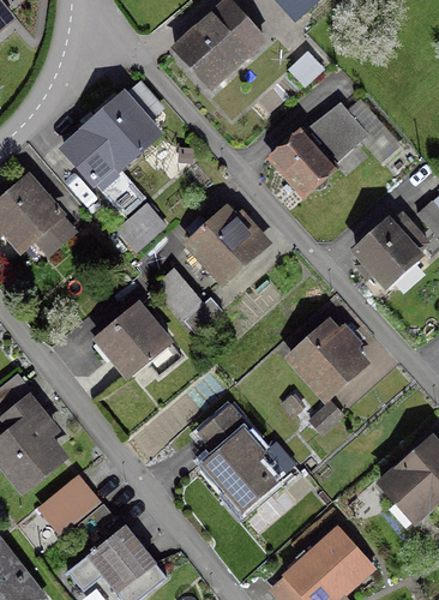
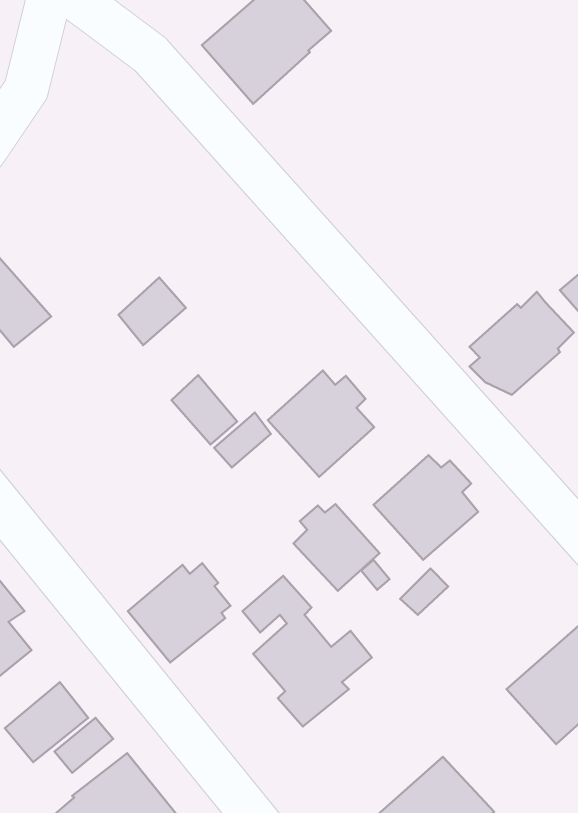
building: [64,83,161,215] -> none
building: [271,104,365,190] -> none
building: [187,209,259,281] -> [268,371,374,477]
building: [98,305,168,372] -> [128,563,231,663]
building: none -> [294,504,379,591]

